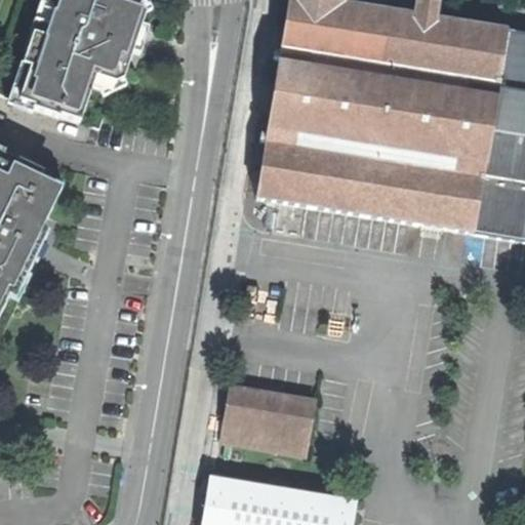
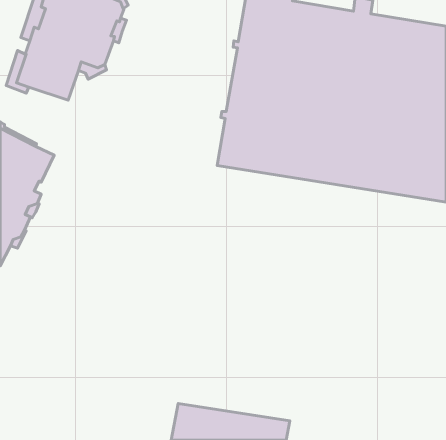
building: [219,383,313,452] -> none

